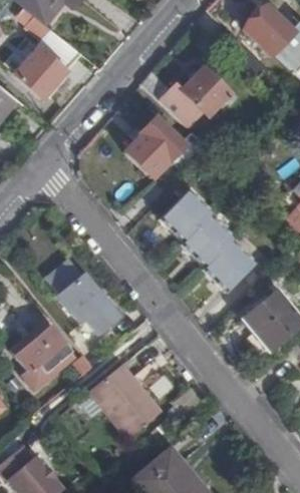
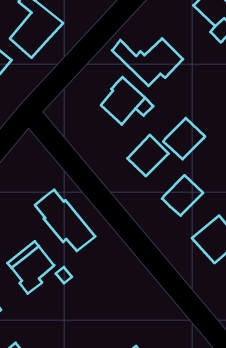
building: [182,215,234,267] -> [163,118,205,159]
building: [89,364,162,438] -> none

